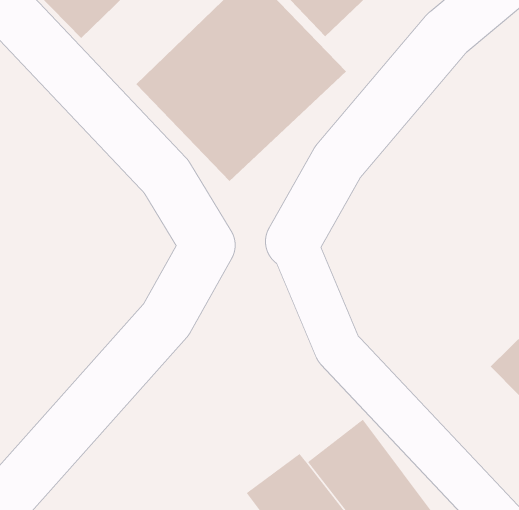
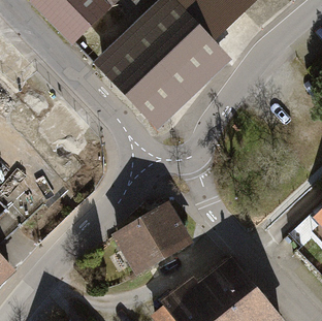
building: none -> [119,202,188,265]

